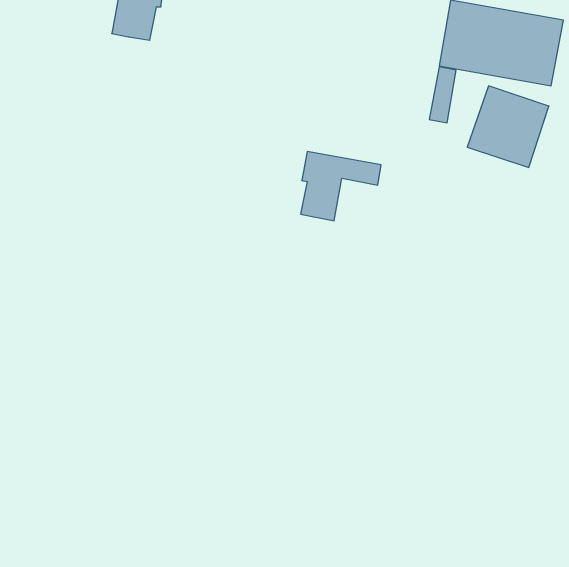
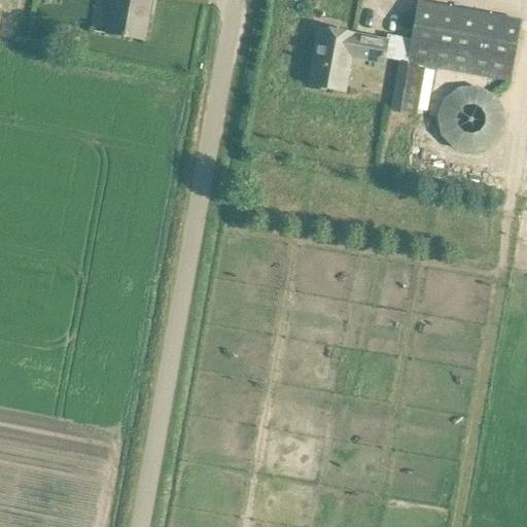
building: [301,152,381,221] -> [311,26,385,90]

